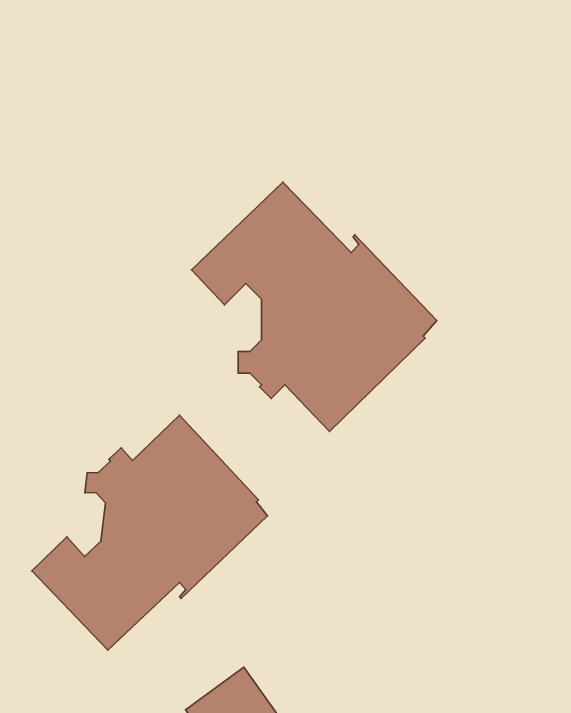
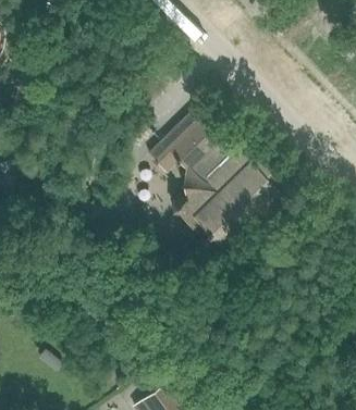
building: [32,415,267,650] -> none

